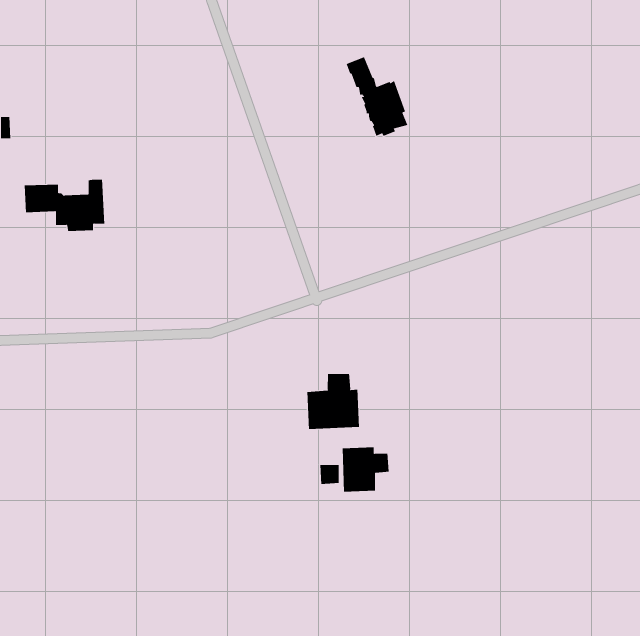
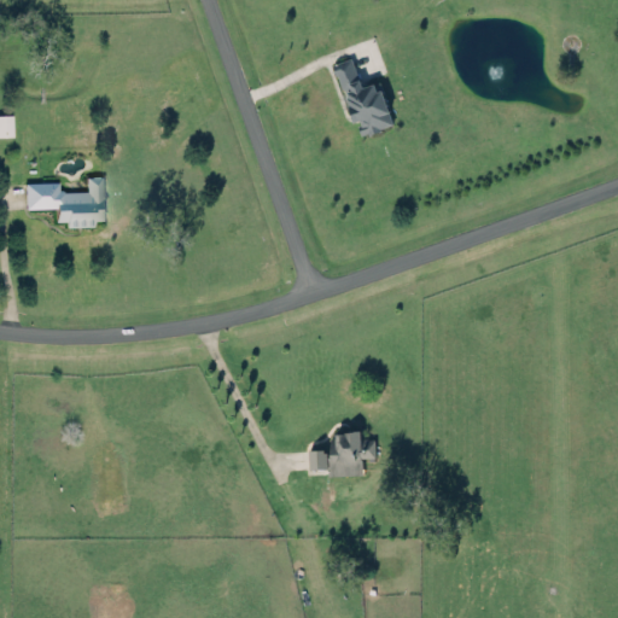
building: [307,373,359,430] -> none

